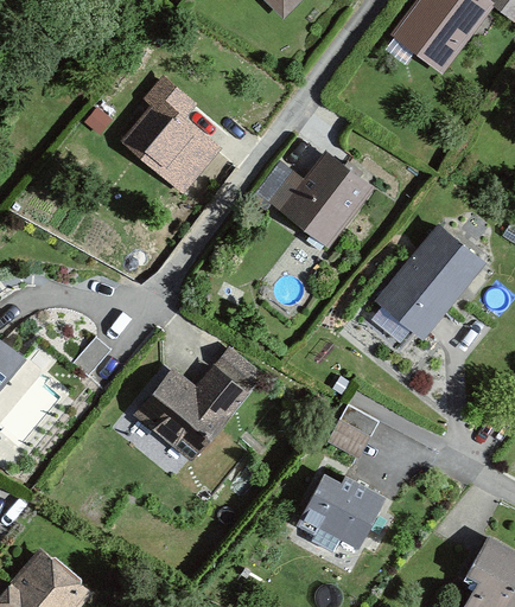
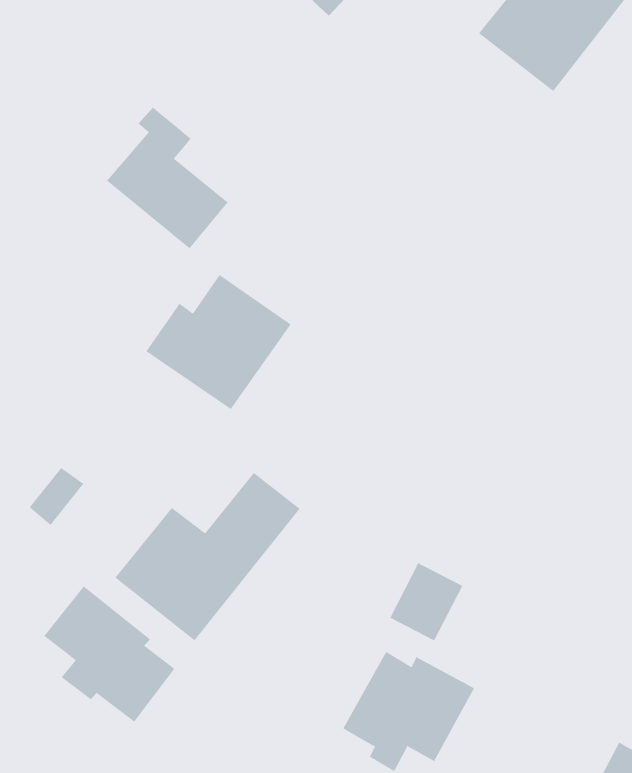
building: [268,152,371,248] -> [146,274,291,410]
building: [371,222,485,341] -> none
building: none -> [44,586,175,723]

